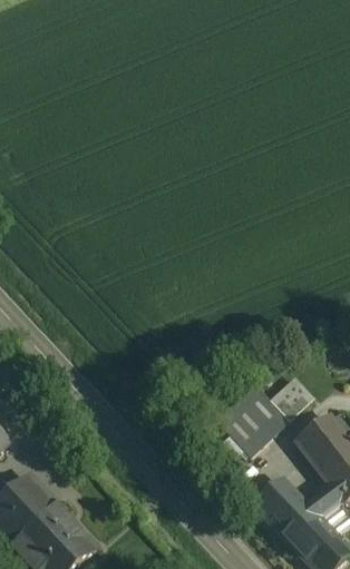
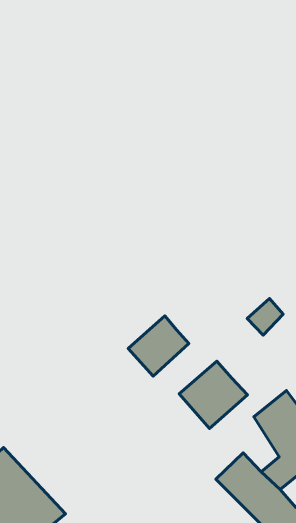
building: none -> [128,316,189,376]
building: [273,382,311,421] -> [247,298,283,335]

